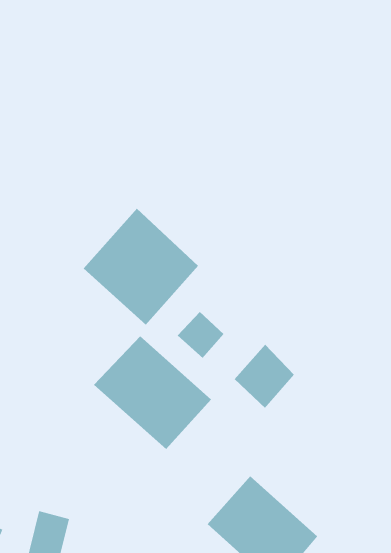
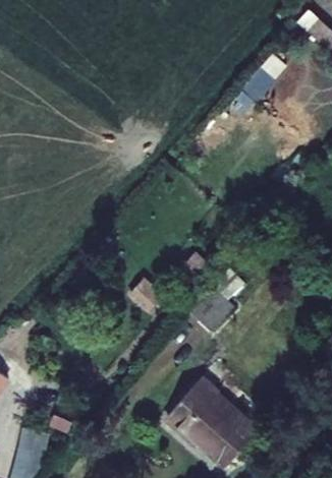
building: [83,208,199,325] -> none
building: [93,336,212,450] -> none

